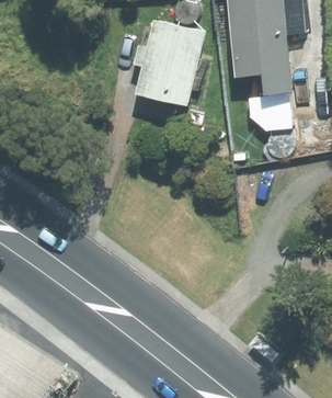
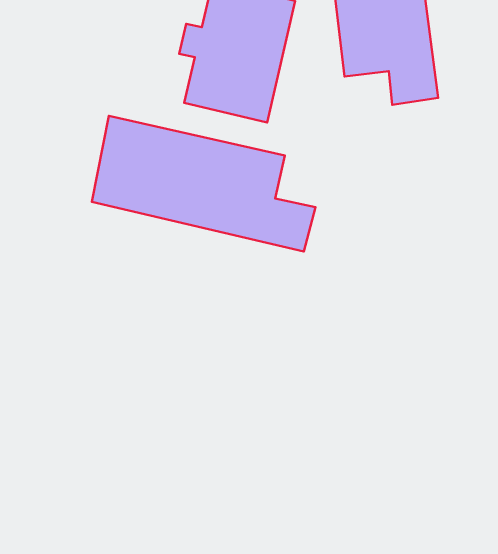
building: none -> [92,116,316,251]

